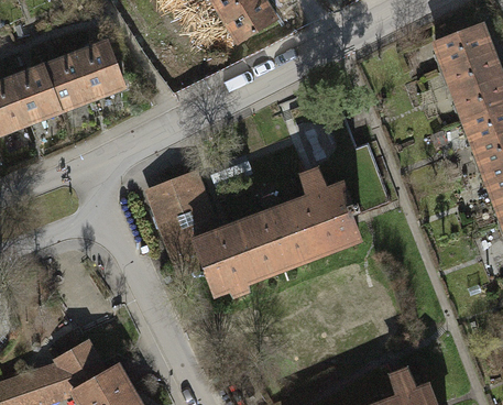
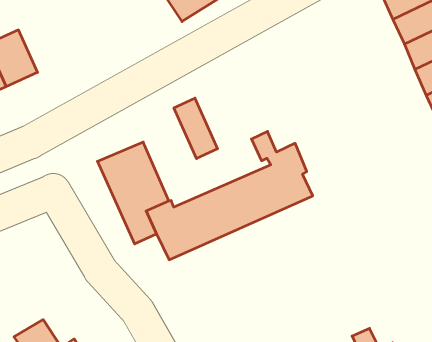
building: [76,43,124,98] -> none
building: none -> [174,98,218,159]

